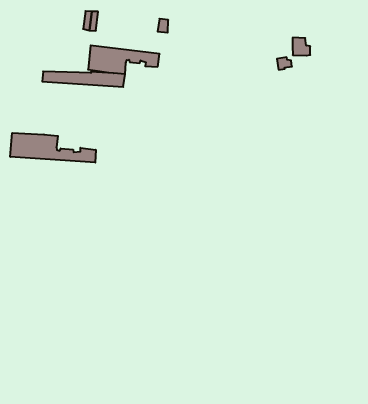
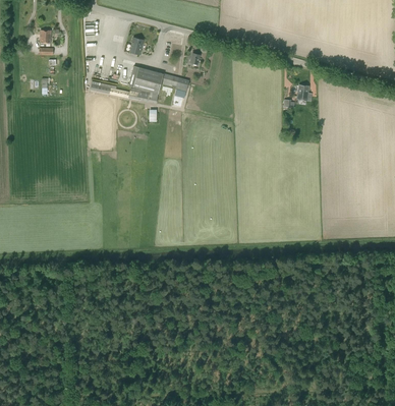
building: [10,133,96,163] -> none

